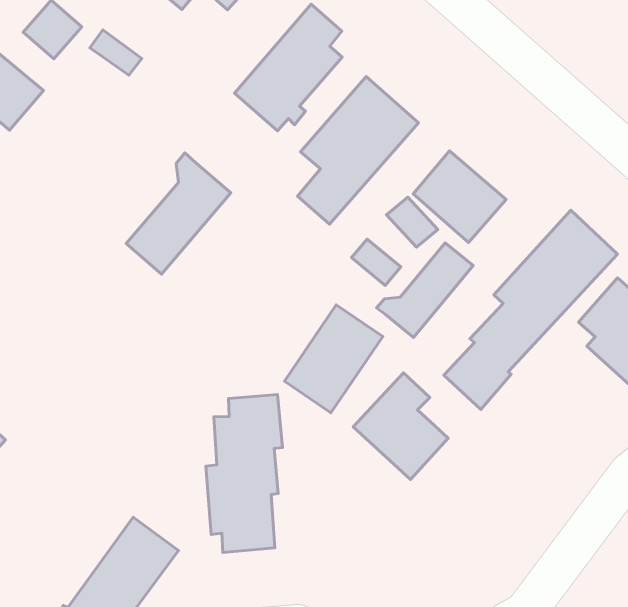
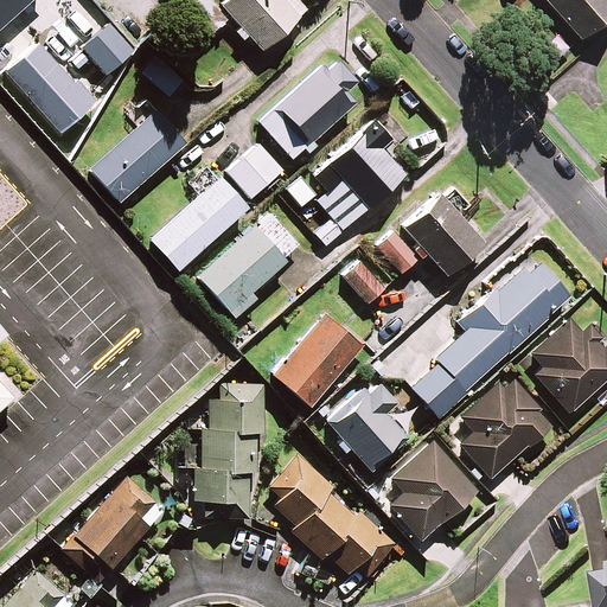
building: none -> [90,109,185,202]
building: none -> [228,143,283,198]
building: none -> [197,211,301,318]
building: [377,243,473,337] -> none
building: none -> [459,378,552,478]
building: none -> [377,440,478,539]
building: none -> [263,453,395,577]

